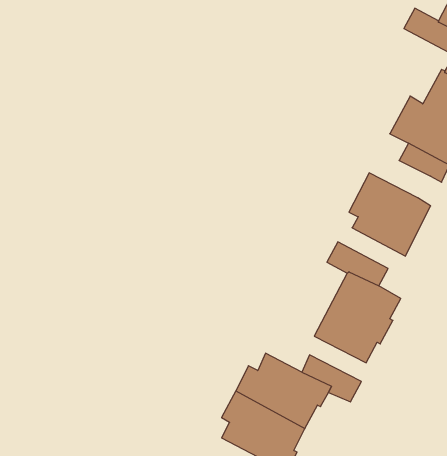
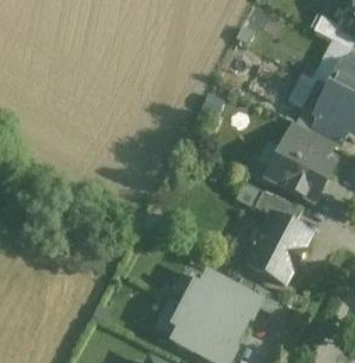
building: none -> [286,123,332,158]

